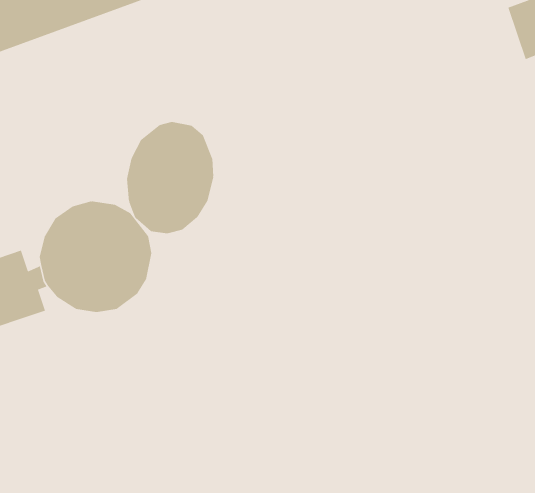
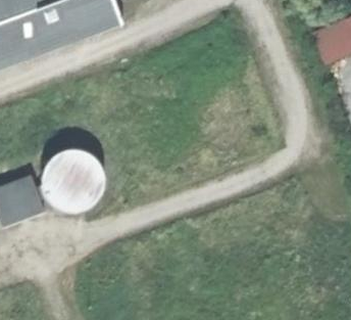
building: [127,121,214,234] -> none

